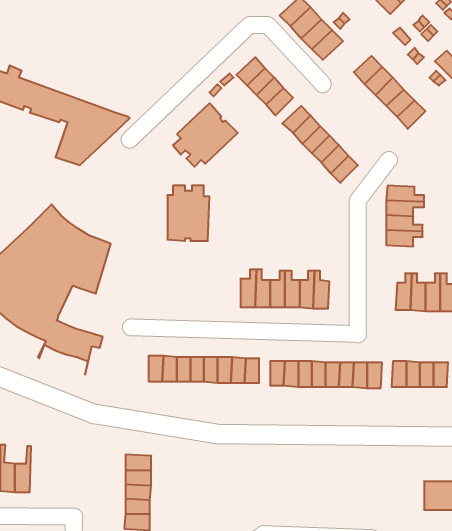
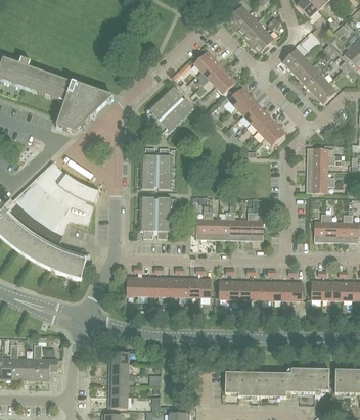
building: none -> [139,196,171,238]
building: none -> [36,344,57,379]
building: none -> [224,368,328,396]

